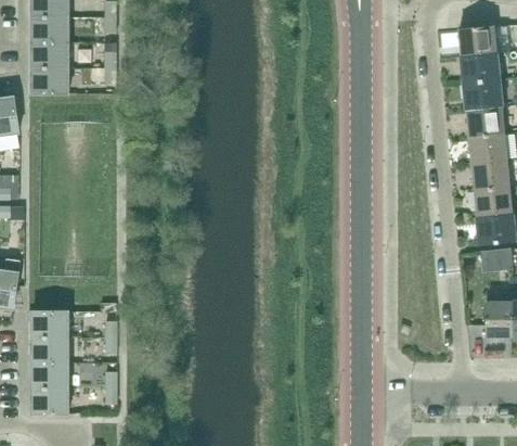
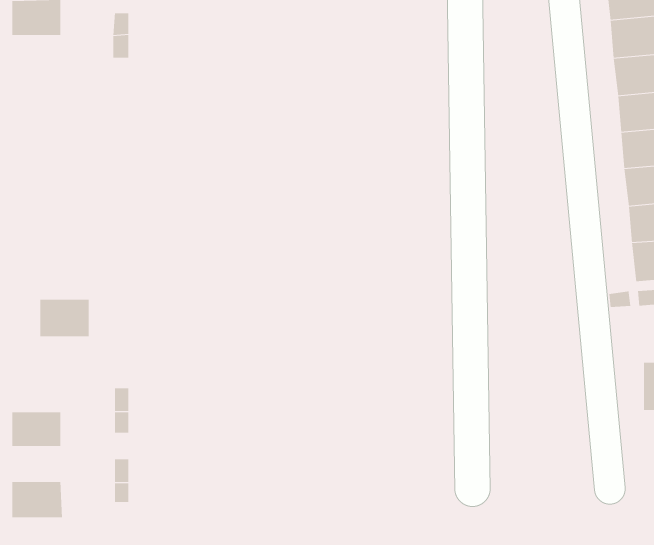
building: [33,67,68,93] -> none
building: [33,310,68,337] -> [40,299,89,337]
building: [33,362,68,387] -> none

